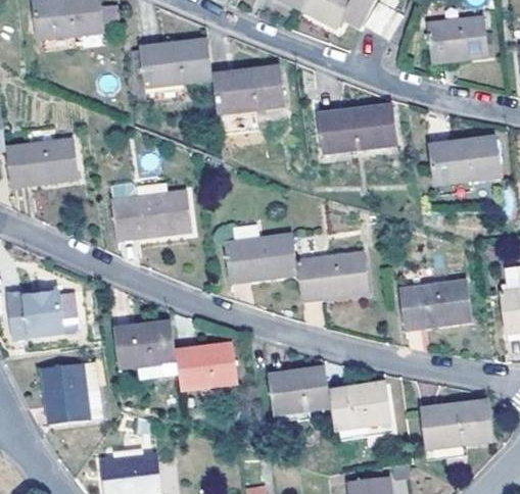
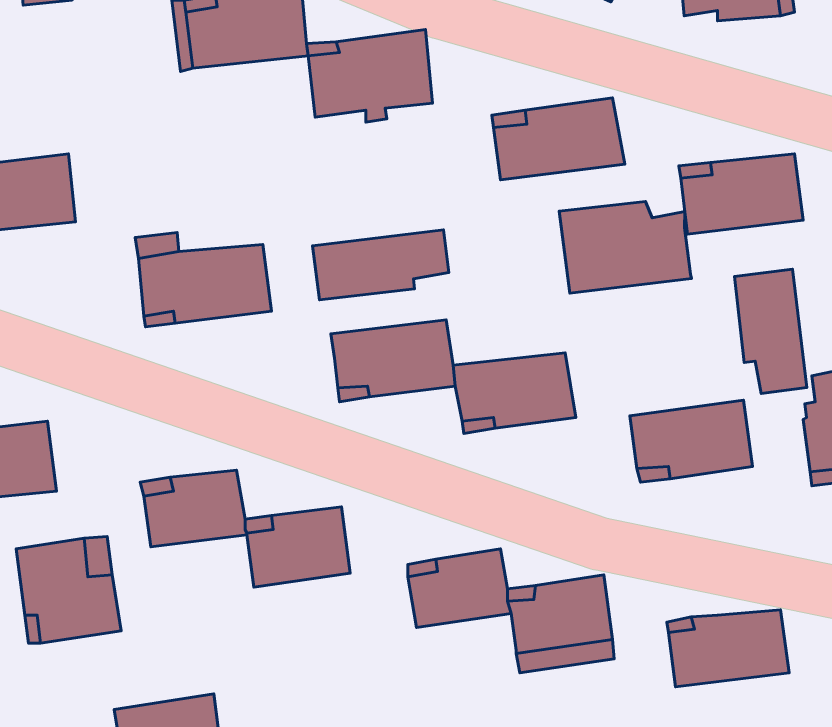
building: none -> [559,201,692,293]
building: none -> [313,230,449,300]
building: none -> [735,269,807,393]

